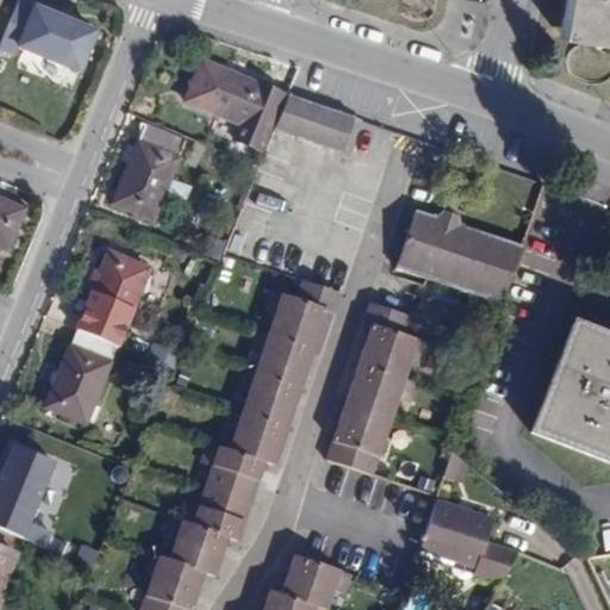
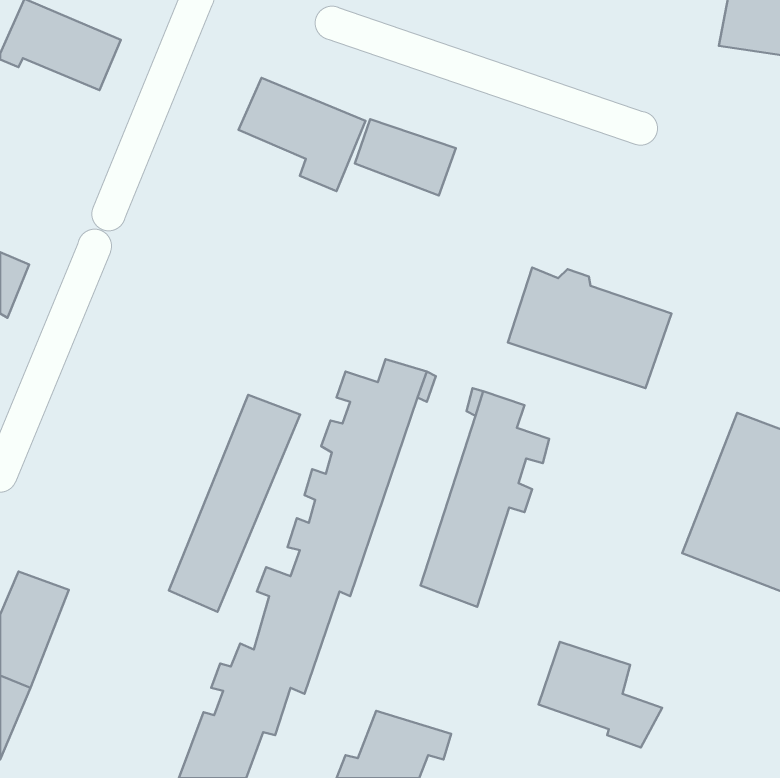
building: [114,122,188,218] -> none
building: [48,251,150,421] -> [169,395,300,612]

